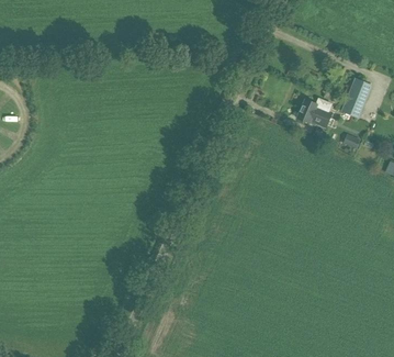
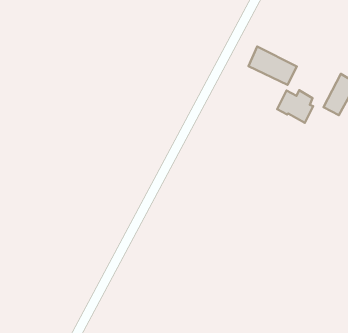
building: none -> [249,47,297,85]

